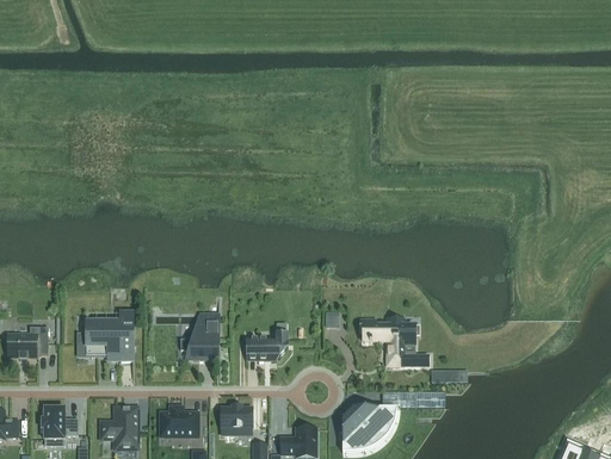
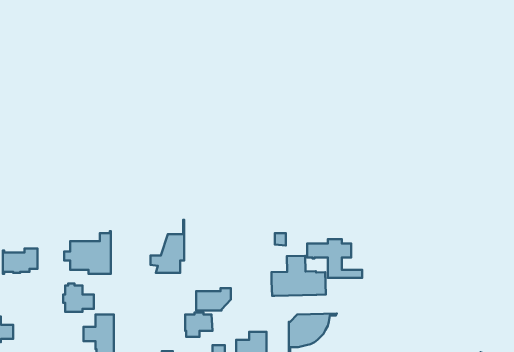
building: [247,333,288,359] -> [196,288,231,311]
building: none -> [271,256,326,296]
building: [42,404,78,438] -> [63,283,94,312]
building: [161,404,197,434] -> none

